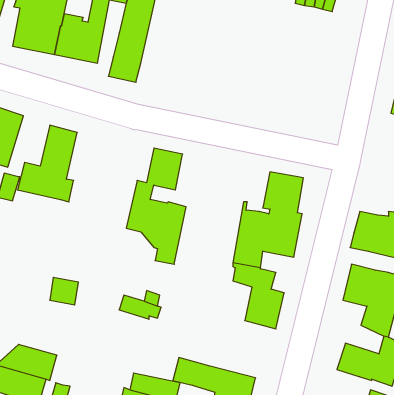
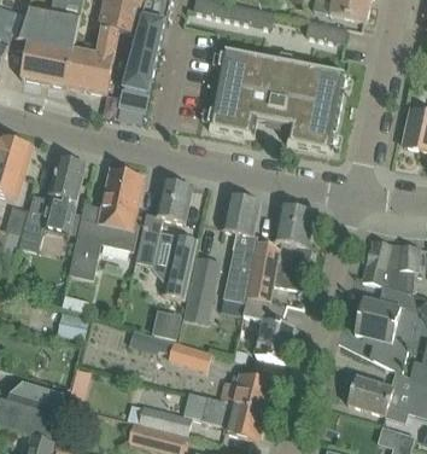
building: none -> [207,48,345,151]
building: none -> [68,169,144,279]
building: none -> [222,194,261,299]
building: none -> [186,256,218,320]
building: none -> [168,340,211,371]
building: none -> [218,373,273,412]

